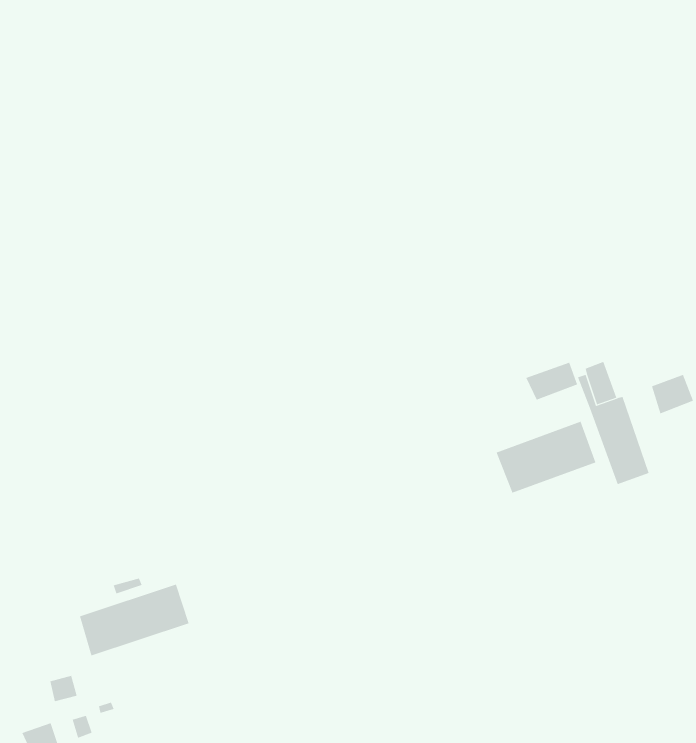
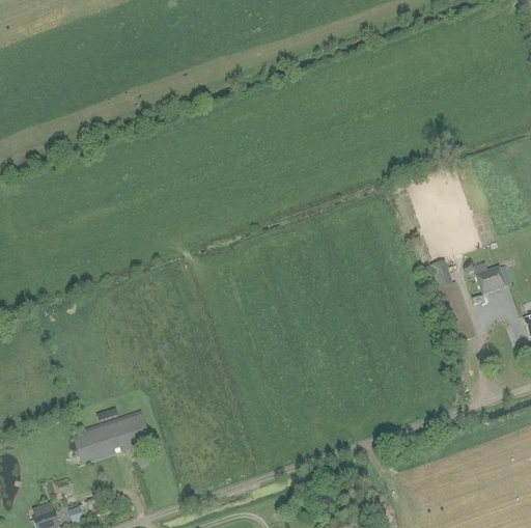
building: [525,362,578,401] -> none
building: [496,421,596,494] -> none

